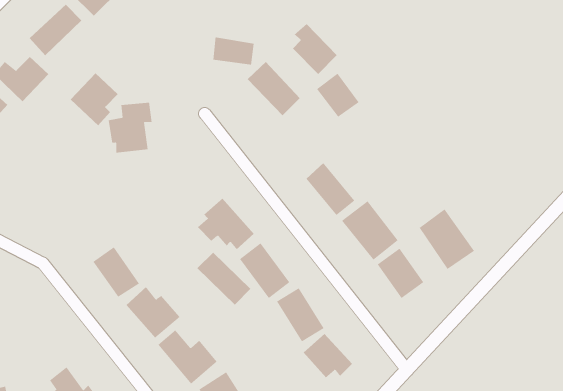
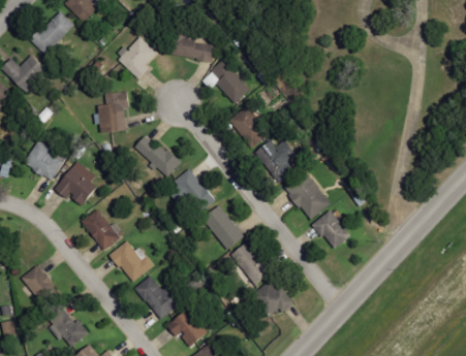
building: [292,23,338,75] -> none
building: [70,73,118,126] -> [117,35,156,78]
building: [316,73,359,117] -> [230,105,266,141]
building: none -> [24,140,65,180]
building: none -> [56,161,96,204]
building: [419,208,475,270] -> none
building: [196,252,251,305] -> [134,133,179,176]
building: none -> [21,264,56,300]

